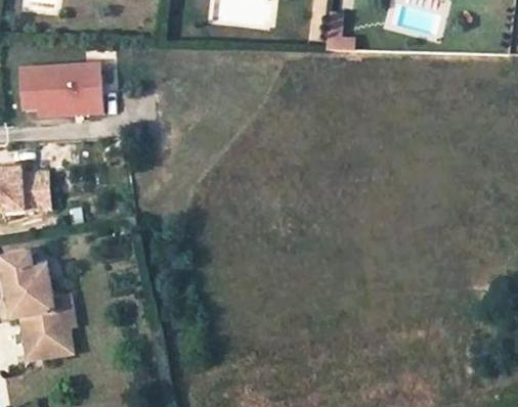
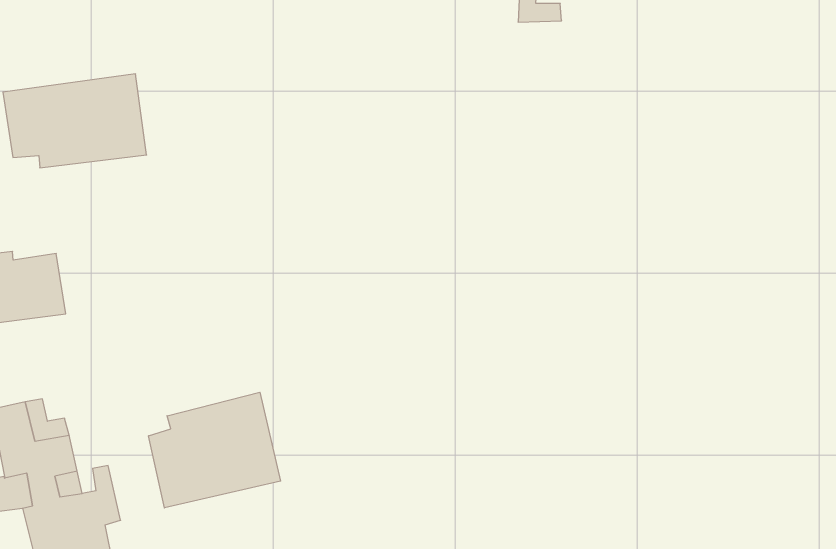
building: none -> [149,392,281,508]

